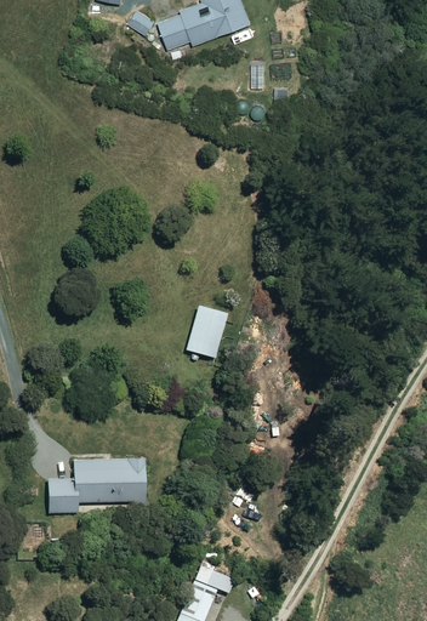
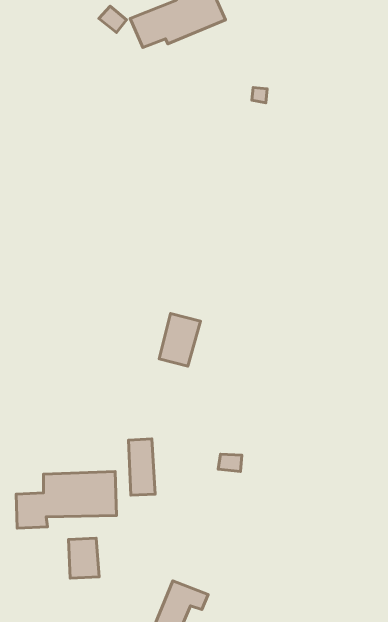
building: none -> [128,439,155,495]
building: none -> [68,538,99,578]

